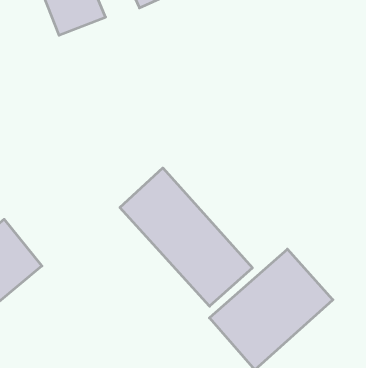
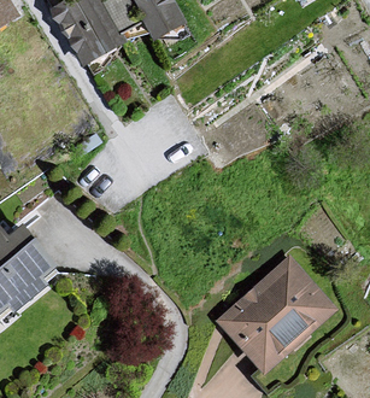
building: [120,168,252,306] -> none

